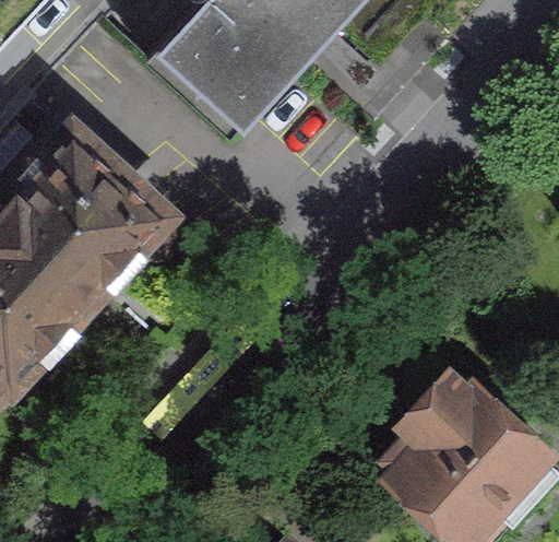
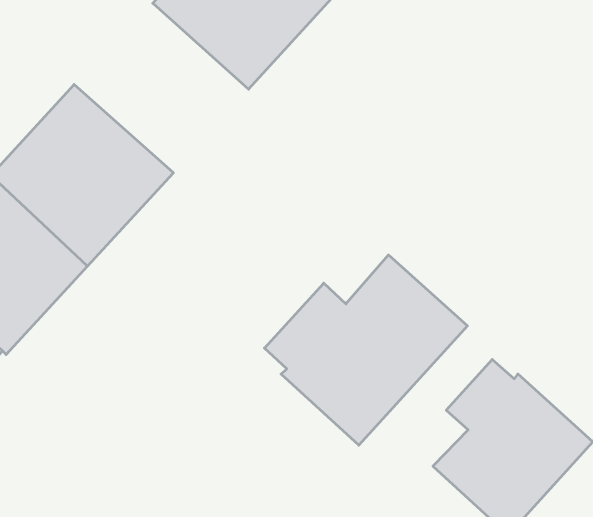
building: none -> [264,255,467,445]

